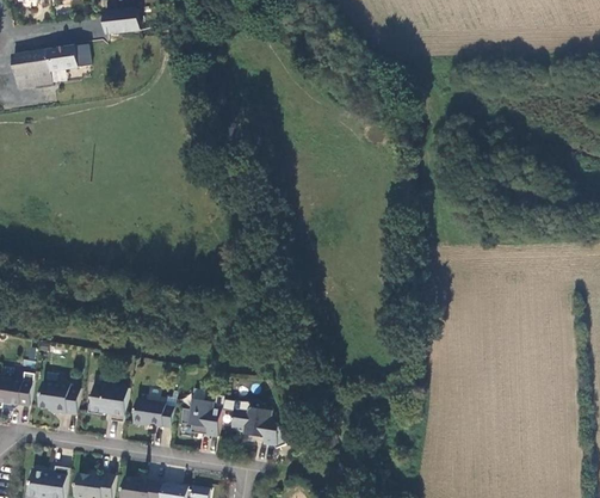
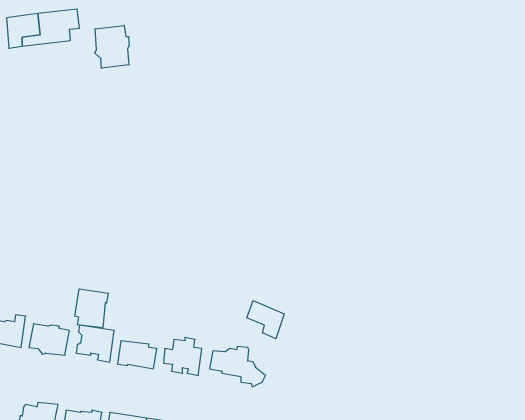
building: none -> [95,25,129,68]
building: none -> [75,289,108,328]
building: none -> [247,301,284,339]

